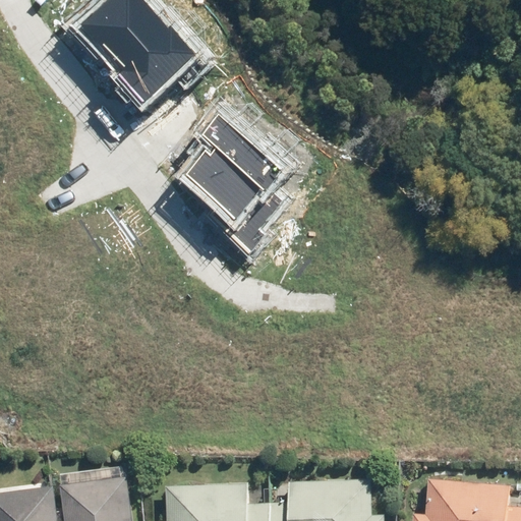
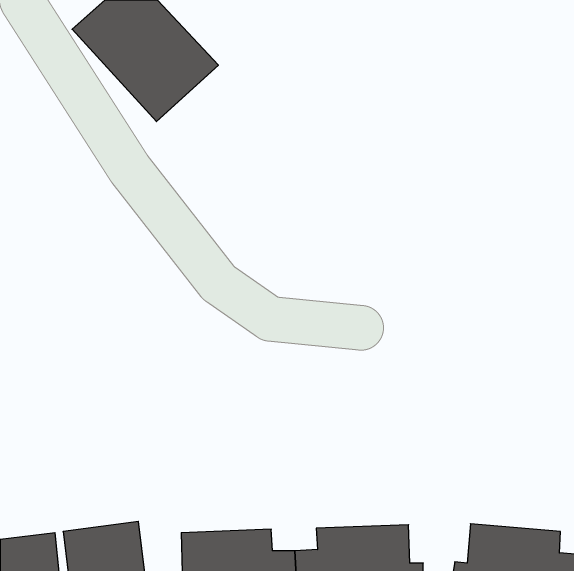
building: [179,118,289,259] -> none

